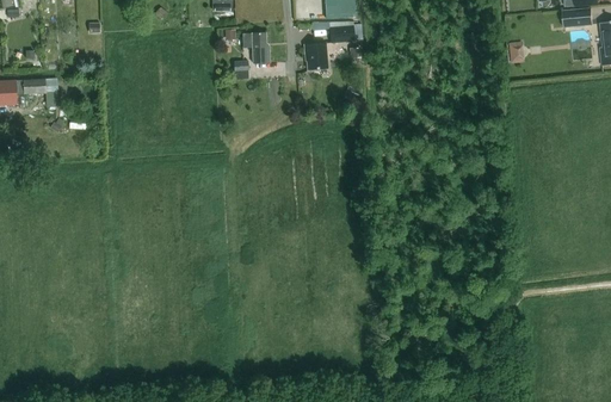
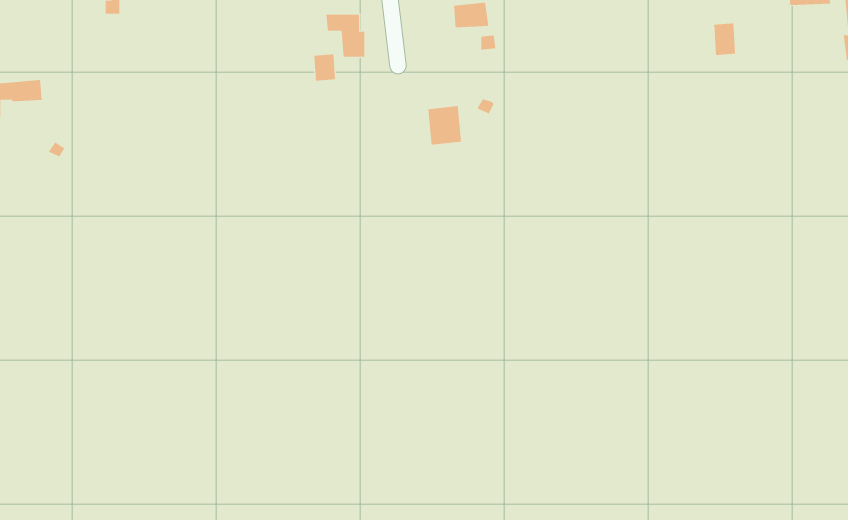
building: [304,42,328,69] -> [427,106,462,145]

